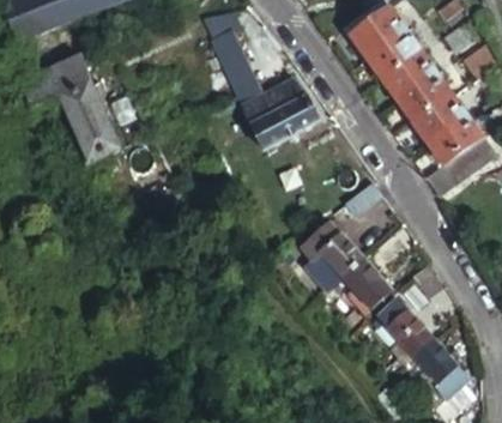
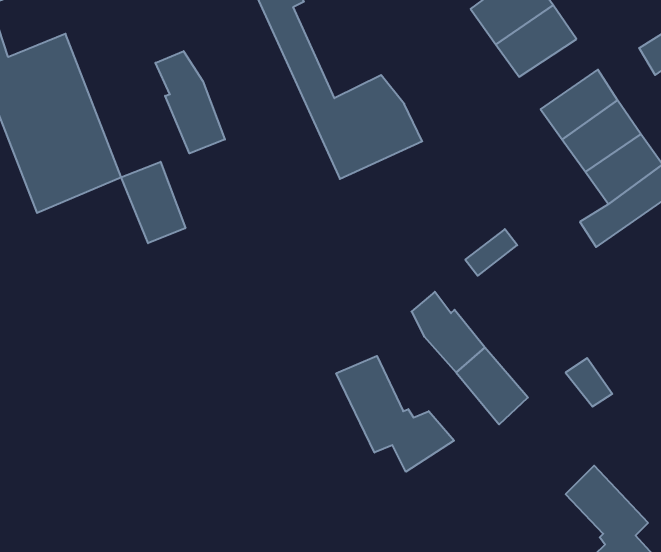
building: [385,55,437,102] -> none
building: none -> [155,51,225,153]
building: none -> [121,162,185,243]
building: none -> [336,356,454,472]
building: [379,301,435,359] -> none

